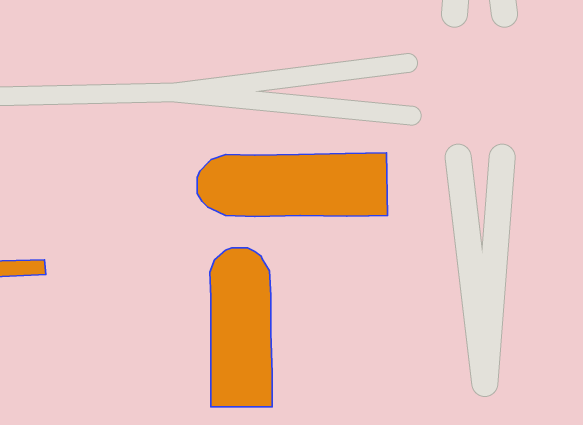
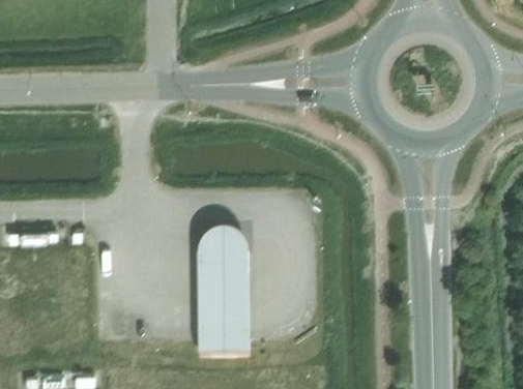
building: [197,153,388,216] -> none

